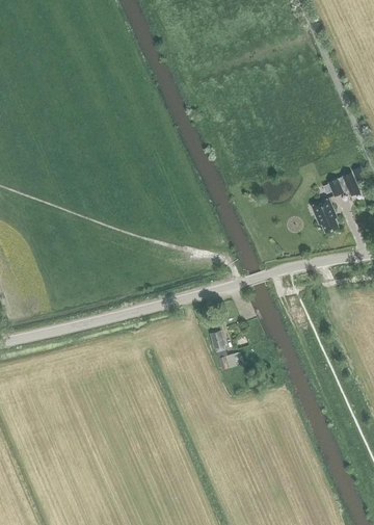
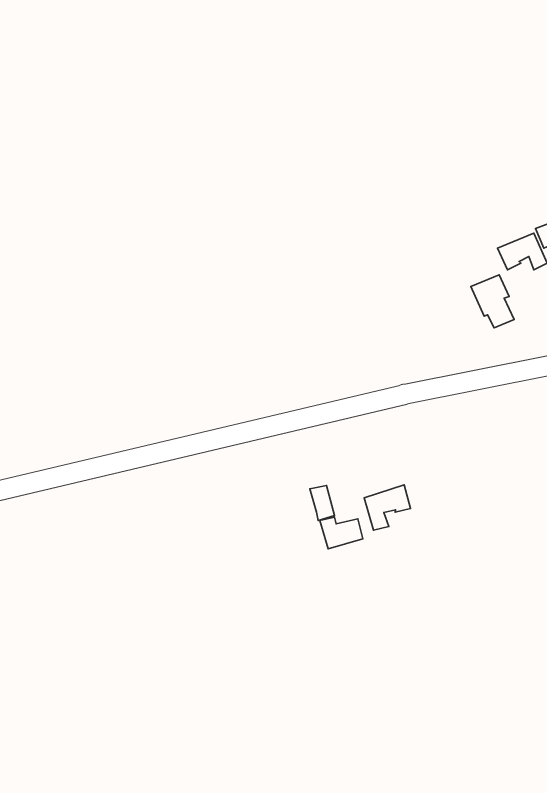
building: none -> [364,485,411,530]

